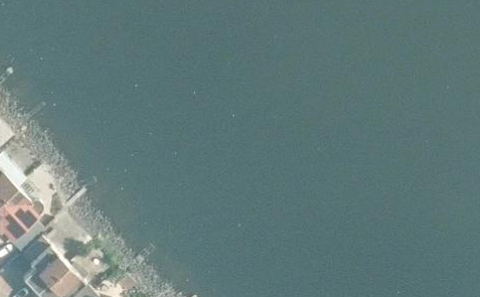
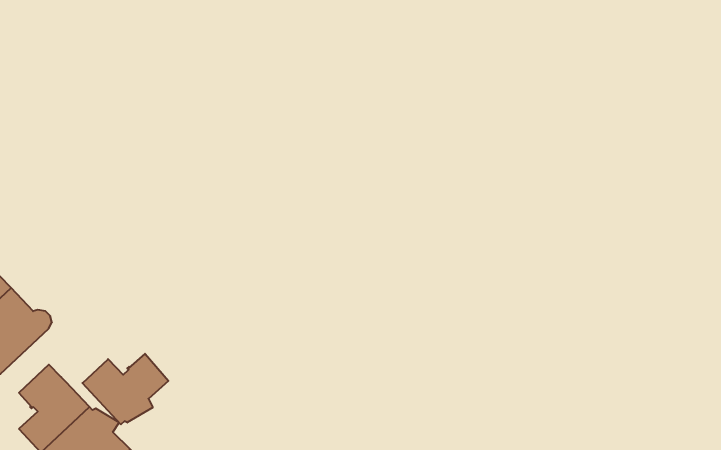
building: none -> [82,354,168,424]

